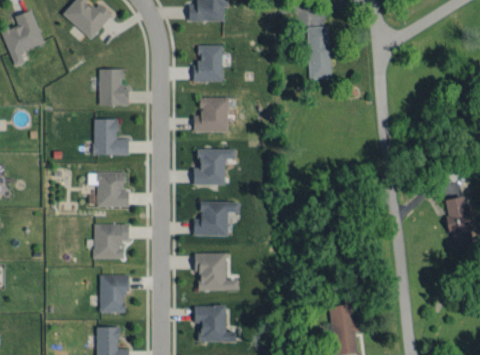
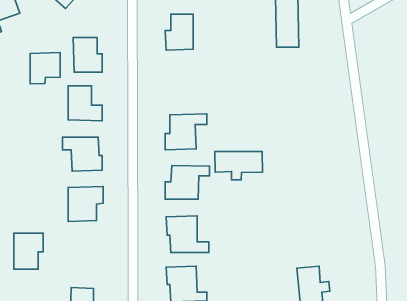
building: none -> [30,53,60,84]
building: [193,97,229,131] -> none
building: none -> [215,151,263,180]
building: [100,275,130,312] -> [14,233,43,269]

